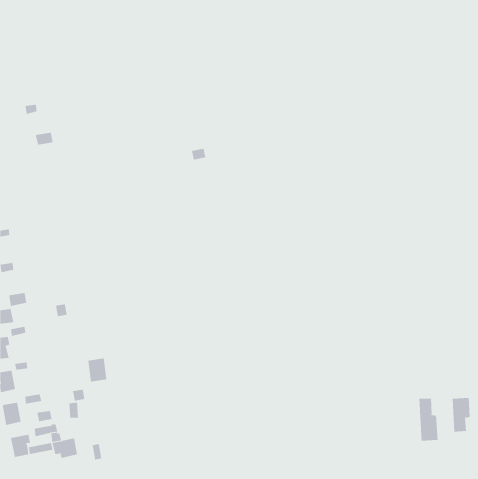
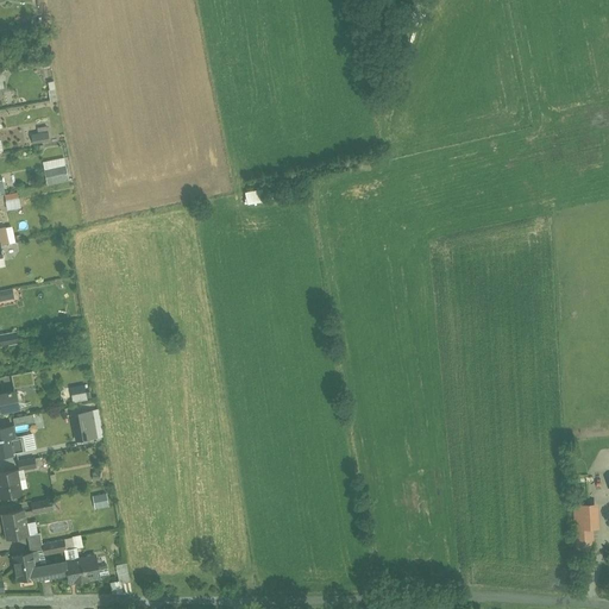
building: [87,358,107,382] -> [71,410,96,441]
building: [419,398,438,441] -> none

